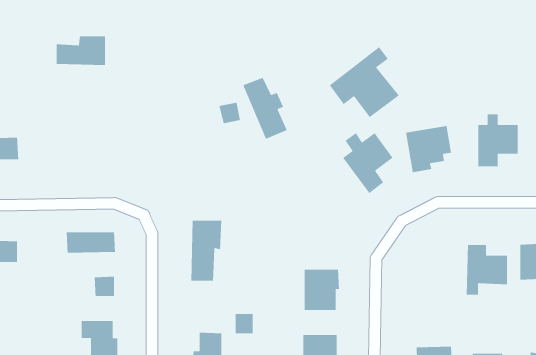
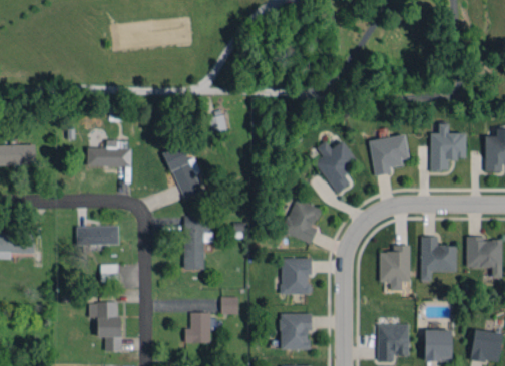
building: [56,35,106,66] -> [87,140,130,166]
building: [329,46,400,118] -> none
building: [242,77,288,140] -> [163,145,202,200]
building: none -> [283,199,321,242]
building: none -> [379,245,410,282]

